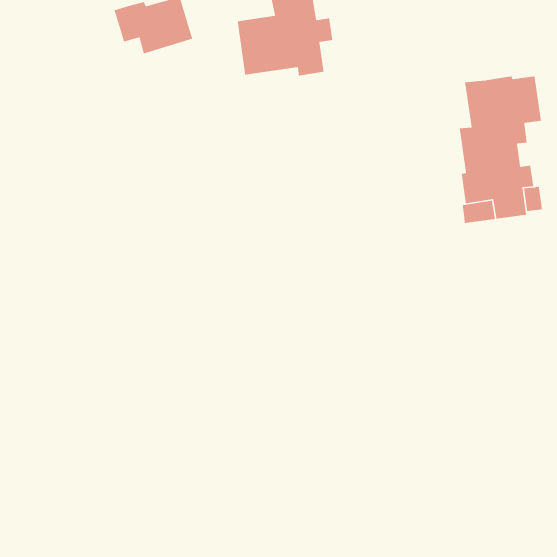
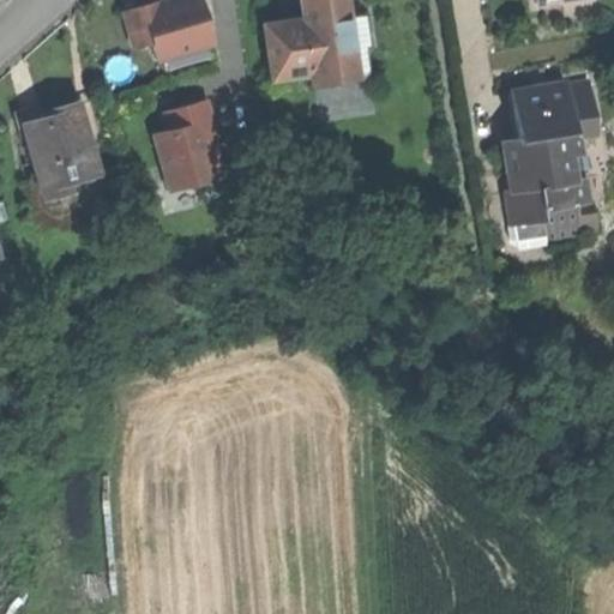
building: none -> [24,100,98,195]
building: none -> [157,101,218,189]

